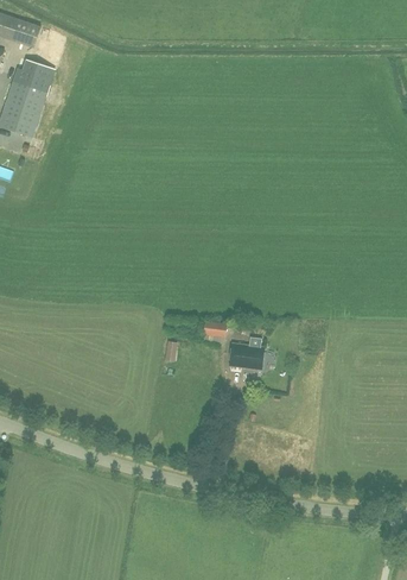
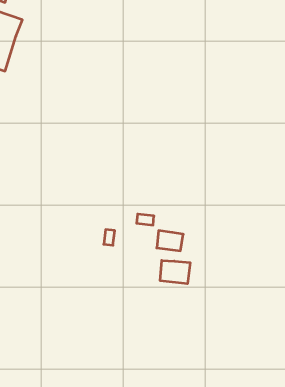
building: none -> [160,260,190,284]

